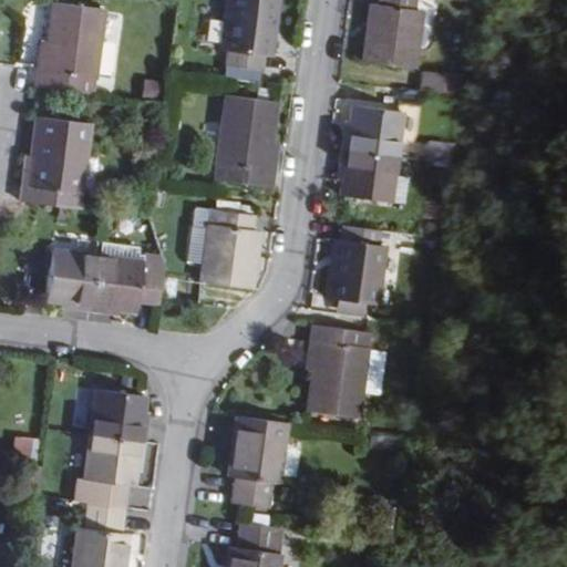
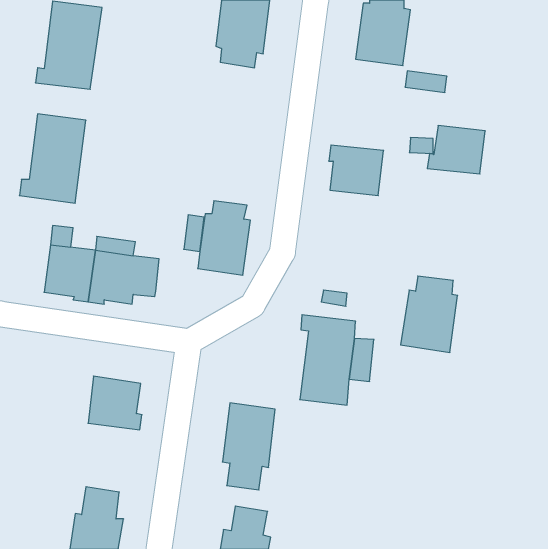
building: [217,92,277,186] -> none
building: [342,105,402,155] -> [427,126,485,174]
building: [327,224,385,302] -> [401,276,458,352]
building: [85,436,145,507] -> none

